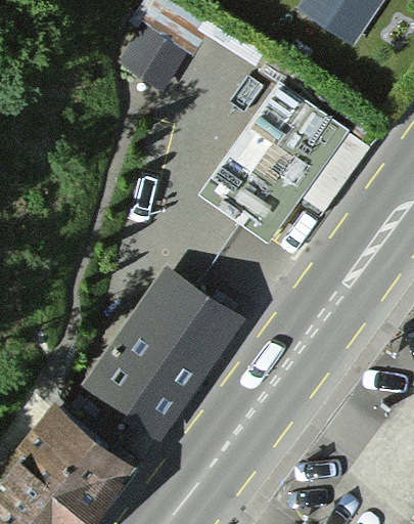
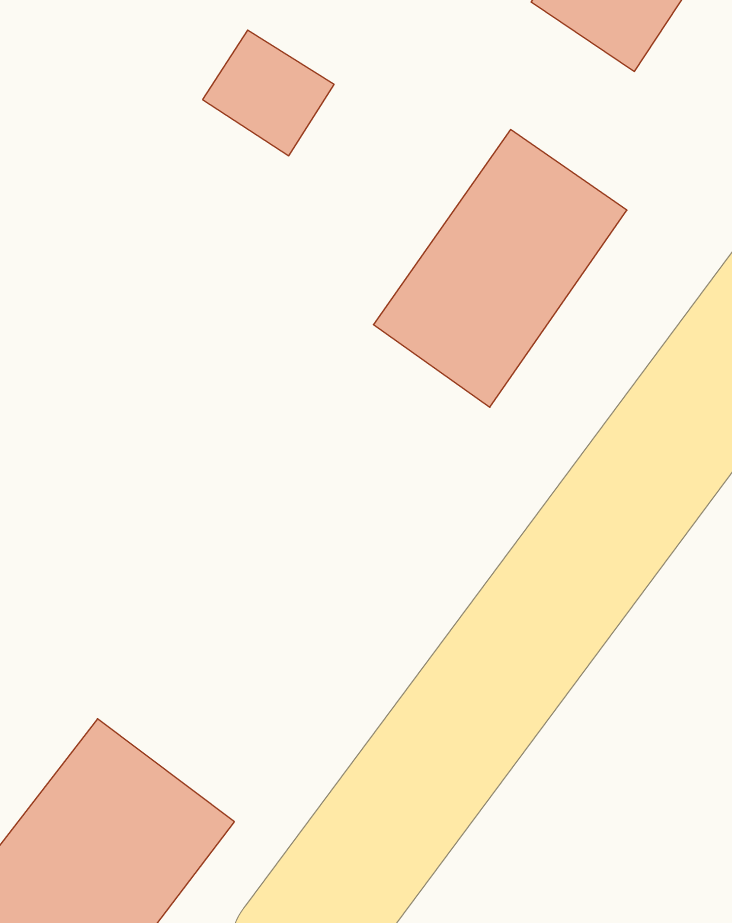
building: [91,266,240,432] -> none

